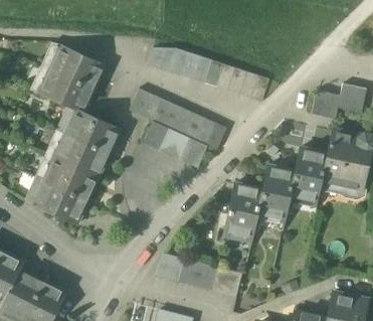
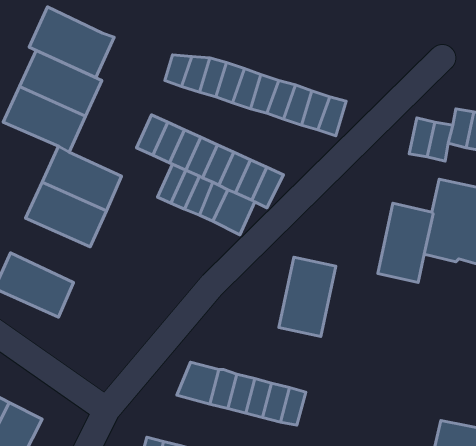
building: none -> [29,7,114,78]
building: [43,158,97,201] -> none
building: [256,166,295,219] -> none

